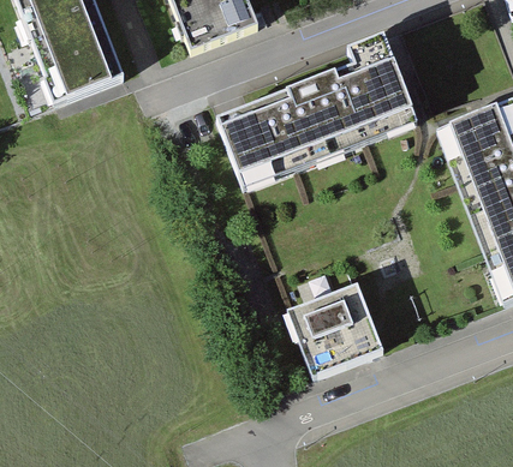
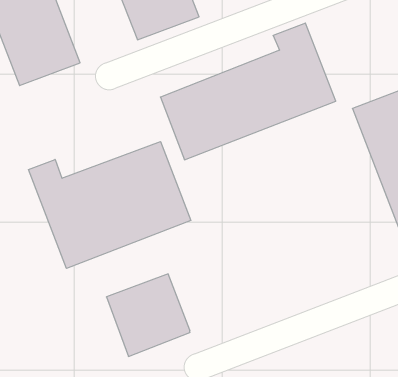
building: none -> [29,142,191,268]
building: [288,281,384,376] -> [106,274,190,356]

